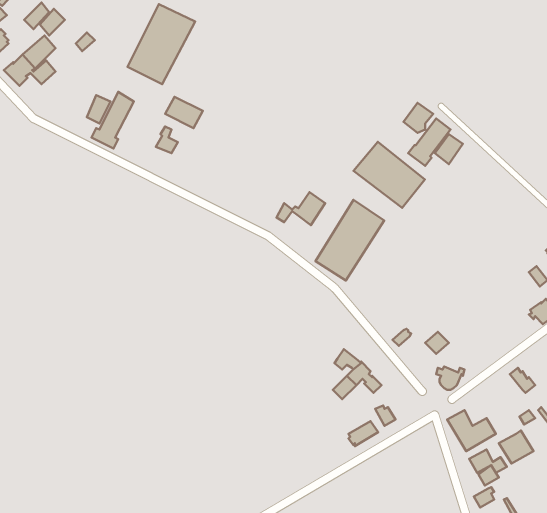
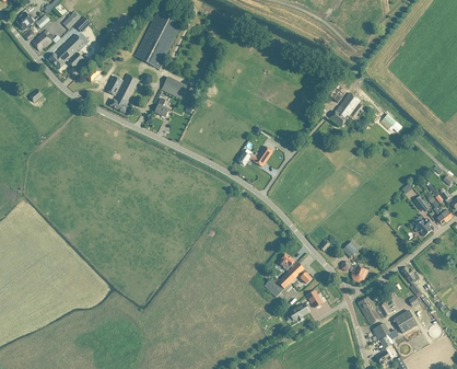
building: [354,142,425,208] -> none
building: [316,200,384,280] -> none

